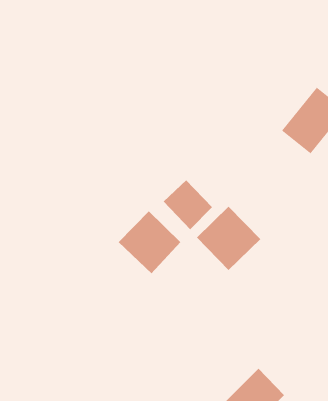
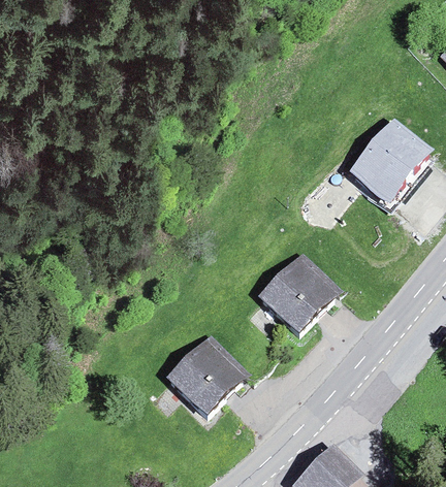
building: [163,180,213,230] -> none
building: [118,211,181,274] -> [169,343,242,415]

